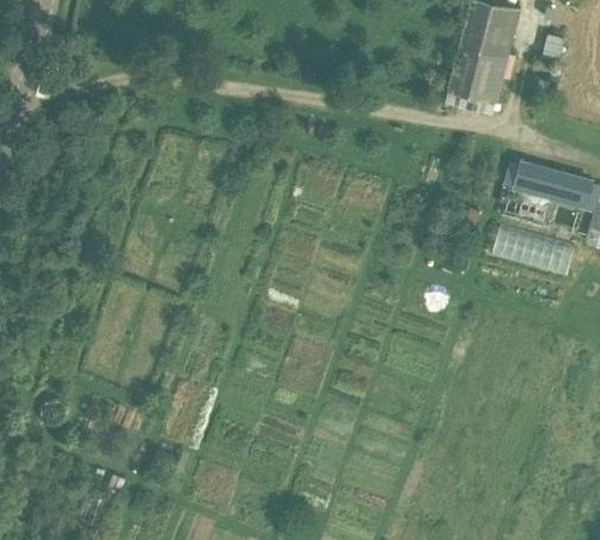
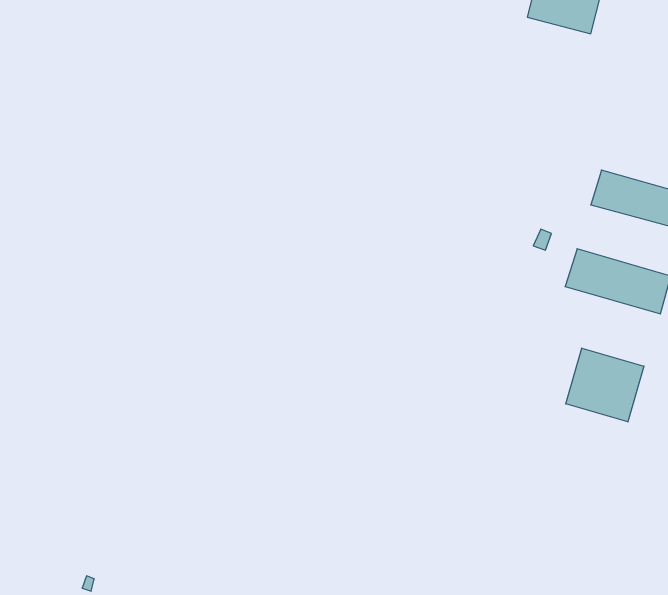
building: [449,42,512,102] -> none
building: none -> [566,348,644,422]

